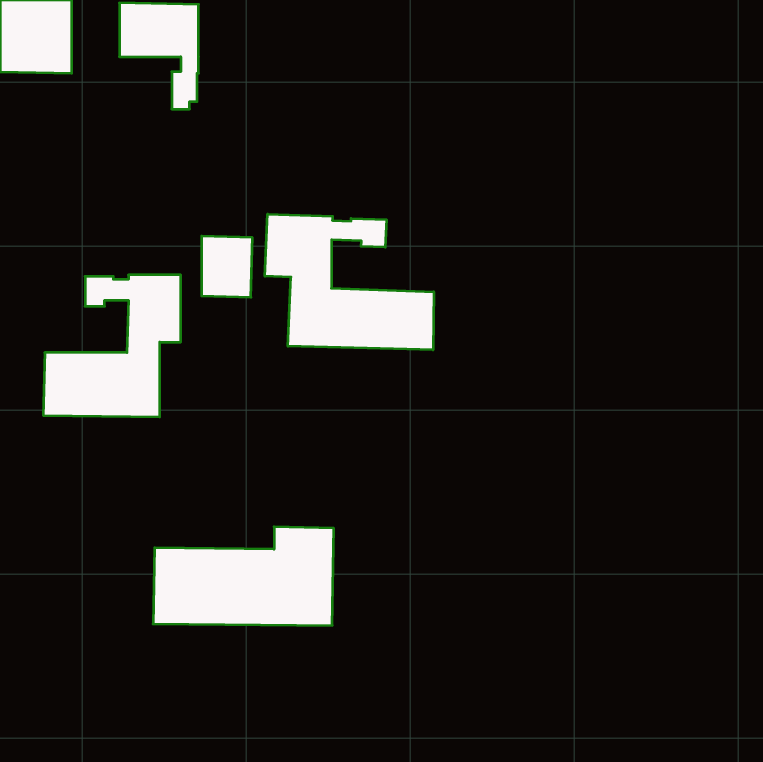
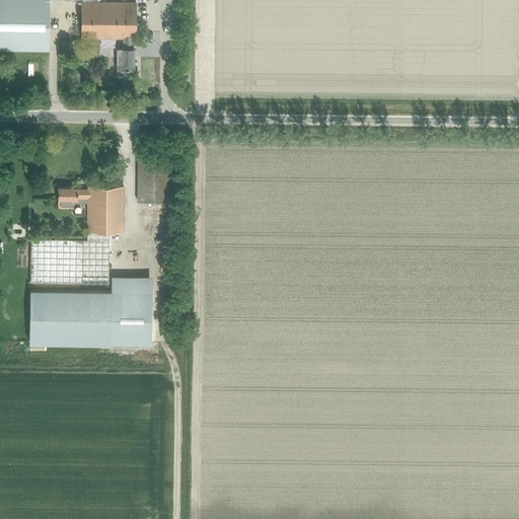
building: [265,214,434,350] -> none
building: [153,527,334,625] -> [28,277,151,344]

